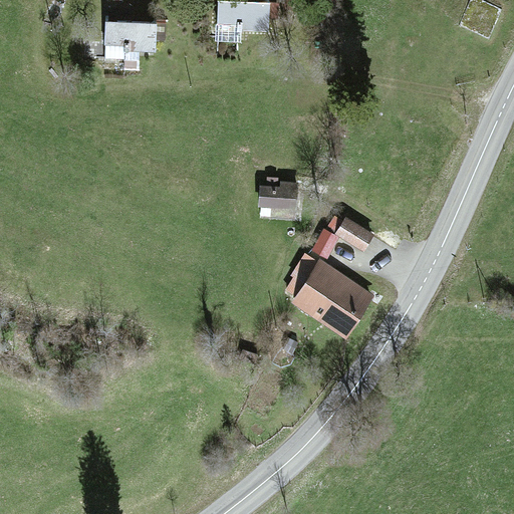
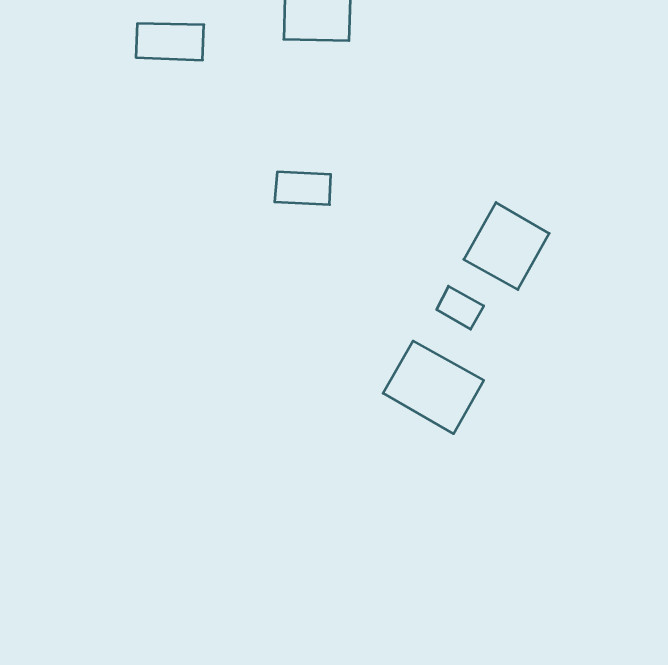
building: none -> [464,202,549,290]
building: [256,186,299,211] -> [275,172,331,205]

